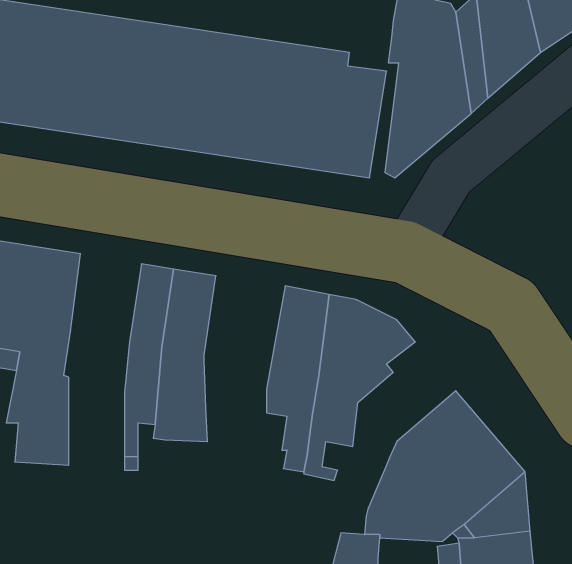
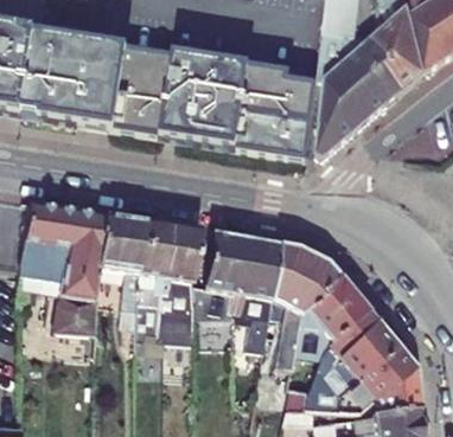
building: none -> [96,210,146,326]
building: none -> [190,226,247,317]
building: none -> [273,271,366,369]

